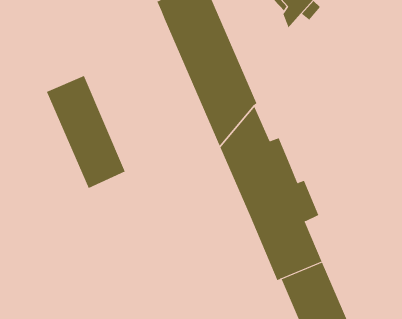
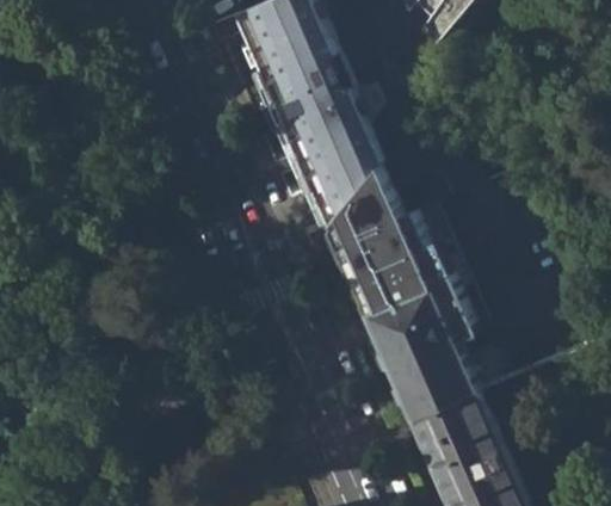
building: [46,75,126,189] -> none

